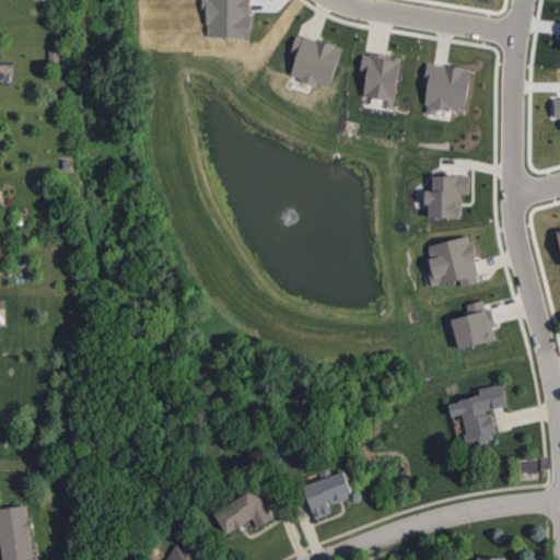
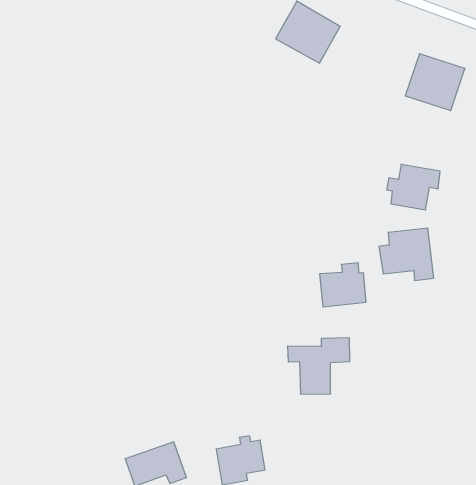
building: [359,54,402,109] -> none
building: [447,301,498,350] -> [320,263,366,307]
building: [444,384,508,447] -> [288,338,350,394]

